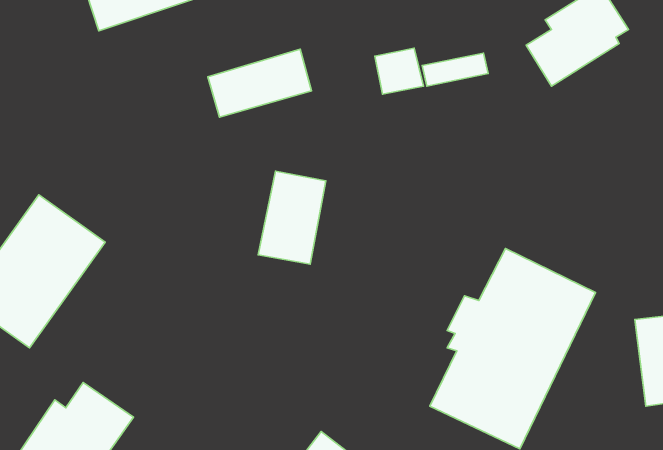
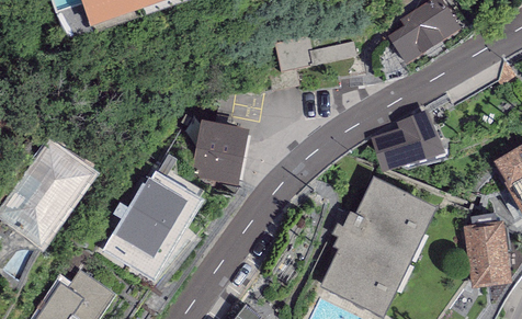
building: [208,49,312,117] -> none
building: none -> [372,109,444,171]
building: none -> [103,170,204,280]

